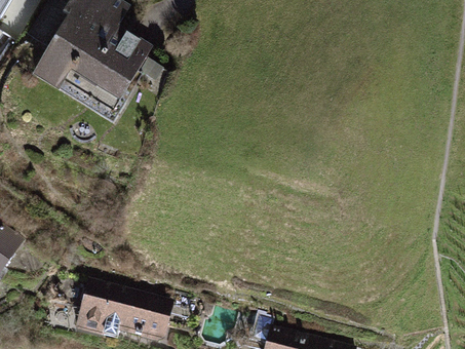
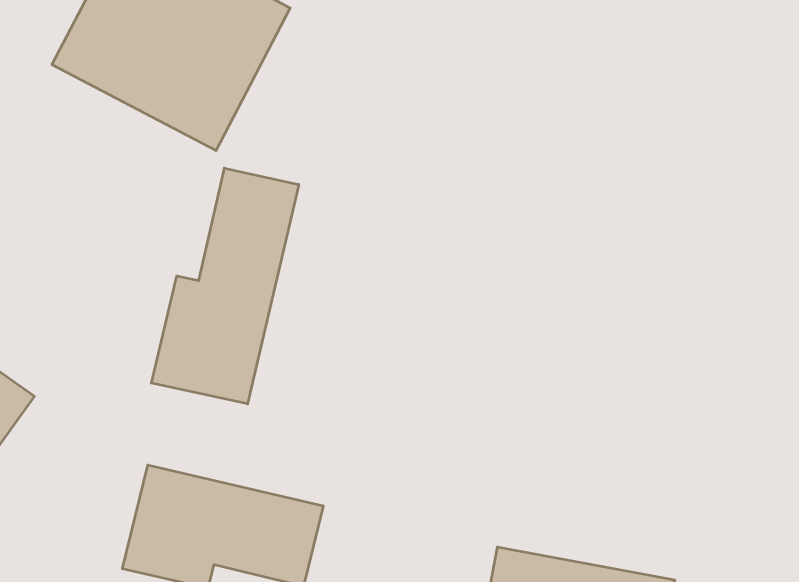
building: none -> [151,168,299,404]

